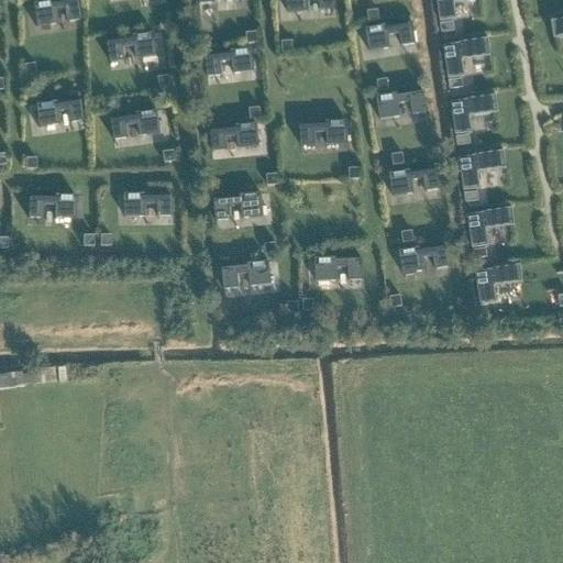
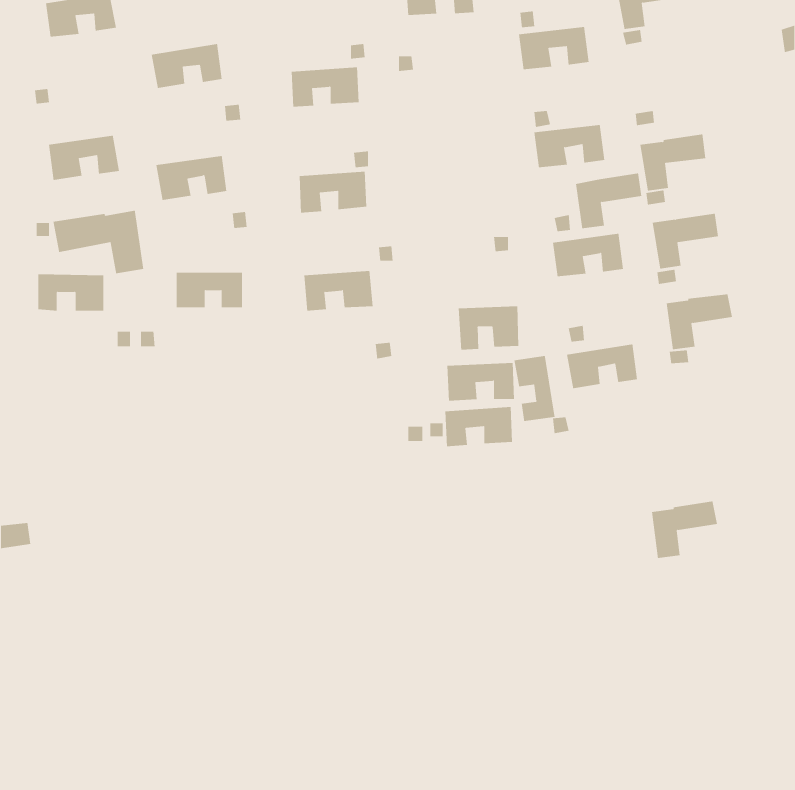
building: [444,38,492,78] -> [575,173,642,229]
building: [300,119,349,146] -> none
building: none -> [53,210,144,274]
building: none -> [458,305,519,351]
building: none -> [514,355,555,422]
building: [223,260,272,288] -> [444,406,513,447]
building: [476,264,523,305] -> [651,501,718,558]

